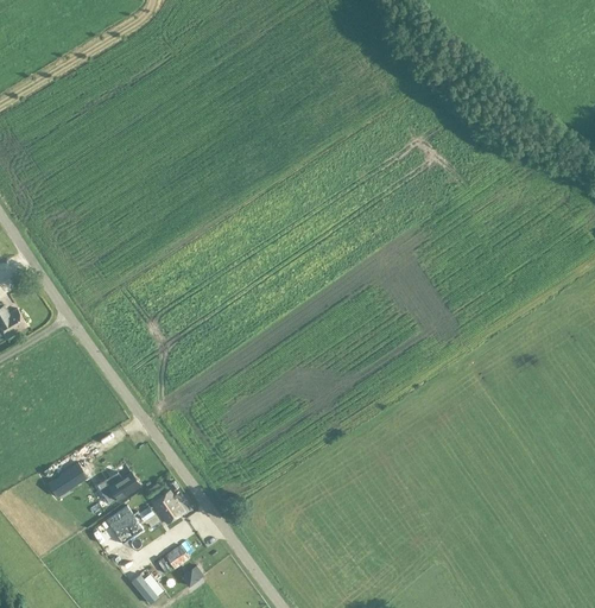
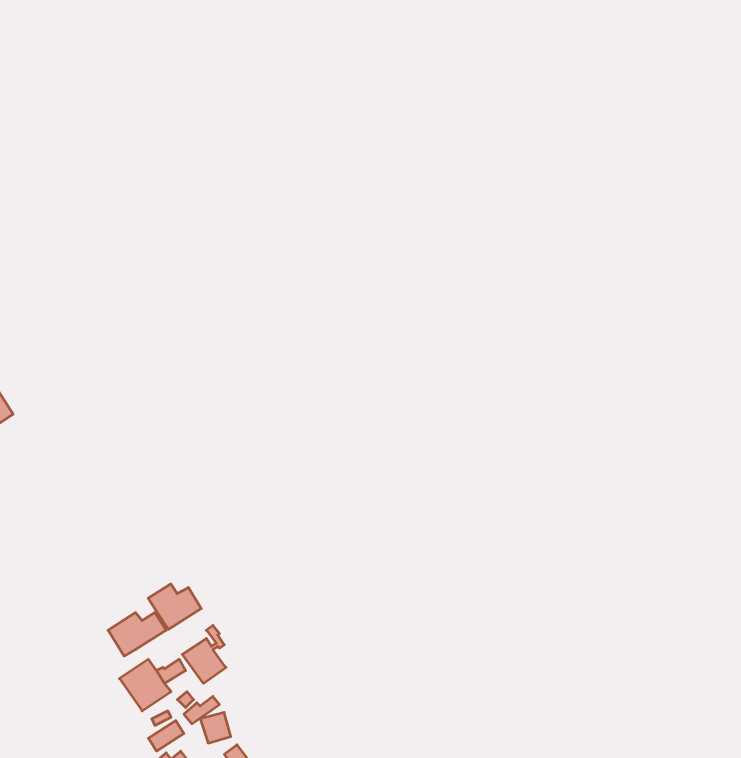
building: none -> [148,584,201,629]
building: [46,463,86,498] -> none

